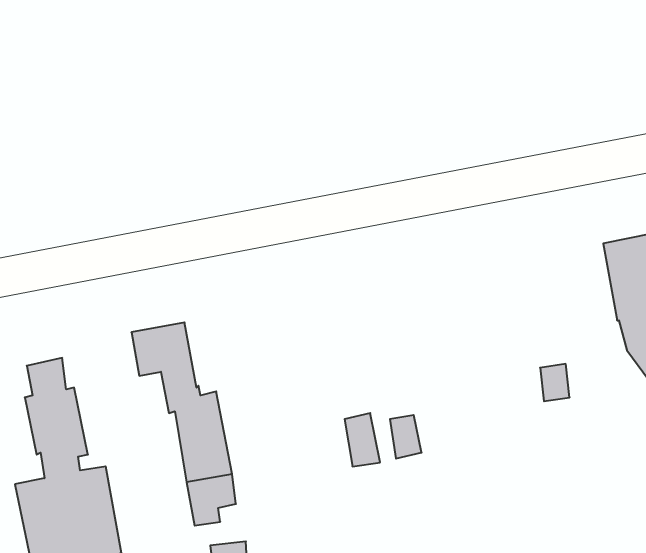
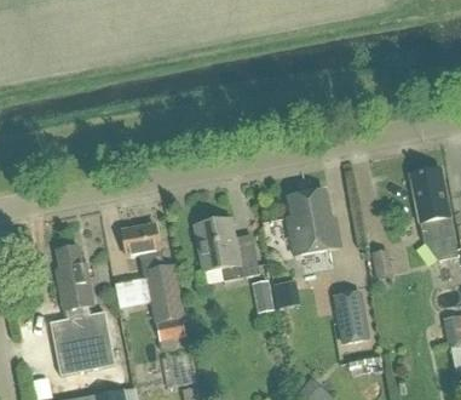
building: none -> [287,190,338,253]
building: none -> [194,217,258,279]
building: none -> [335,290,368,342]

